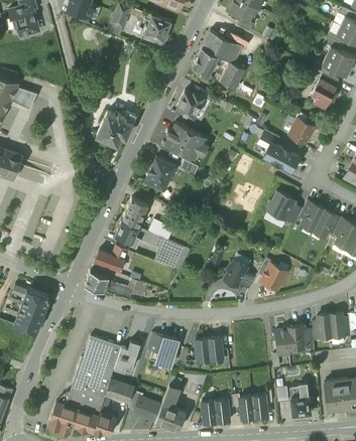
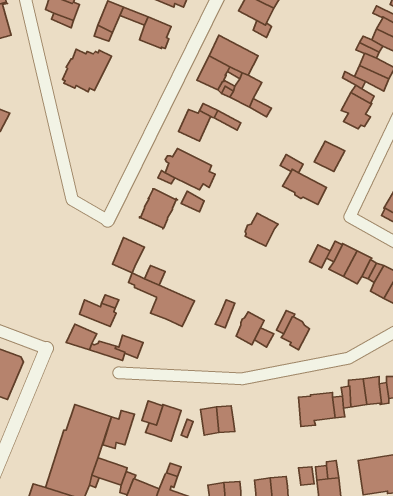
building: [96,111,136,146] -> [63,49,111,92]
building: [267,190,294,217] -> [245,213,278,246]
building: [115,219,140,247] -> none

